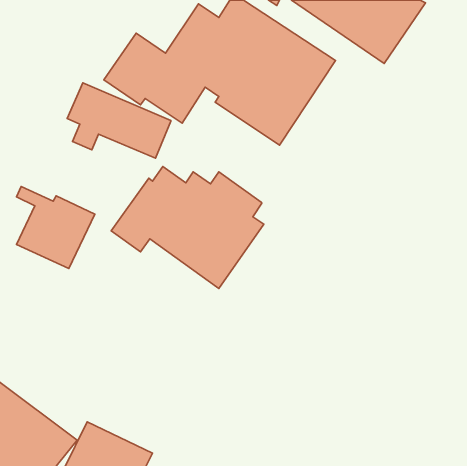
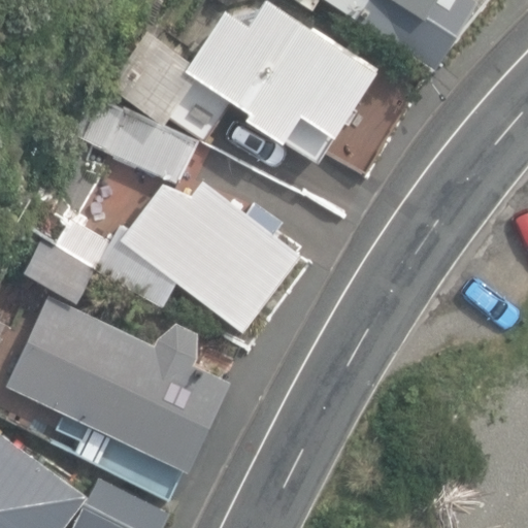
building: none -> [5,299,231,473]

